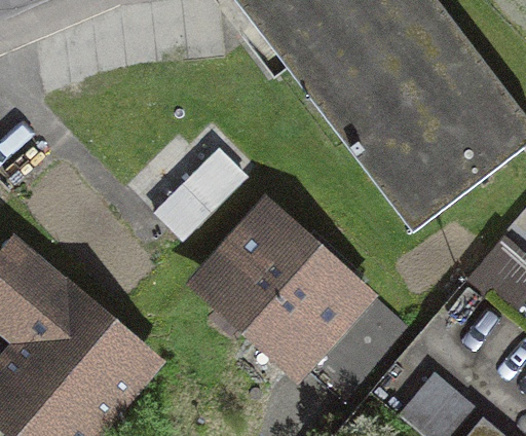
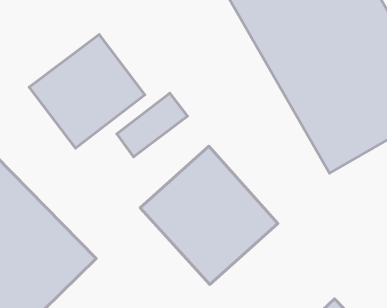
building: none -> [29,35,145,148]

